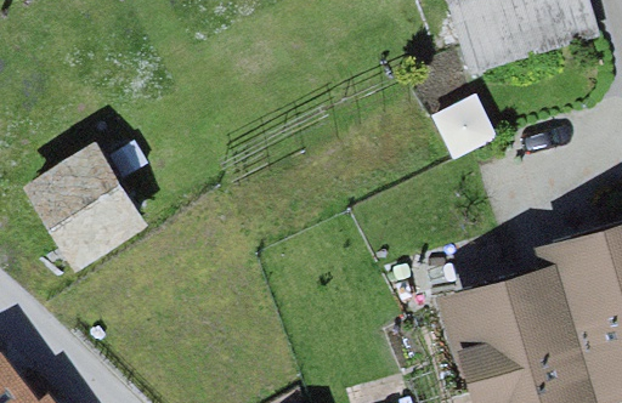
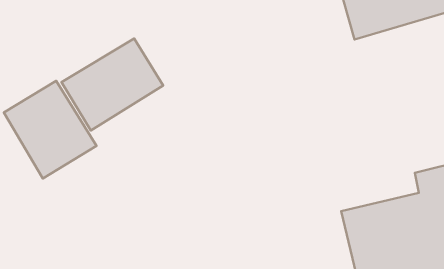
building: none -> [61,38,163,130]

